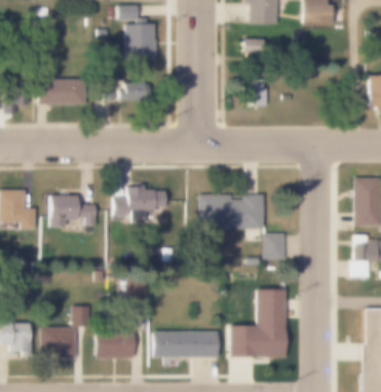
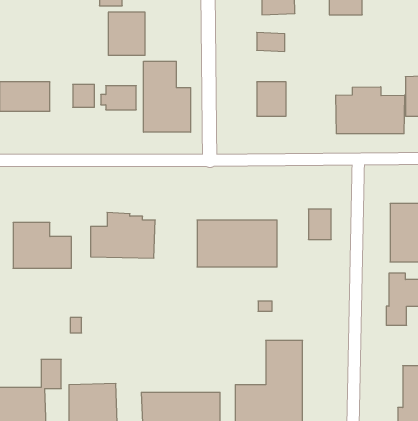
building: none -> [144,61,191,132]
building: none -> [336,87,405,134]
building: [266,234,284,259] -> [308,209,331,239]

